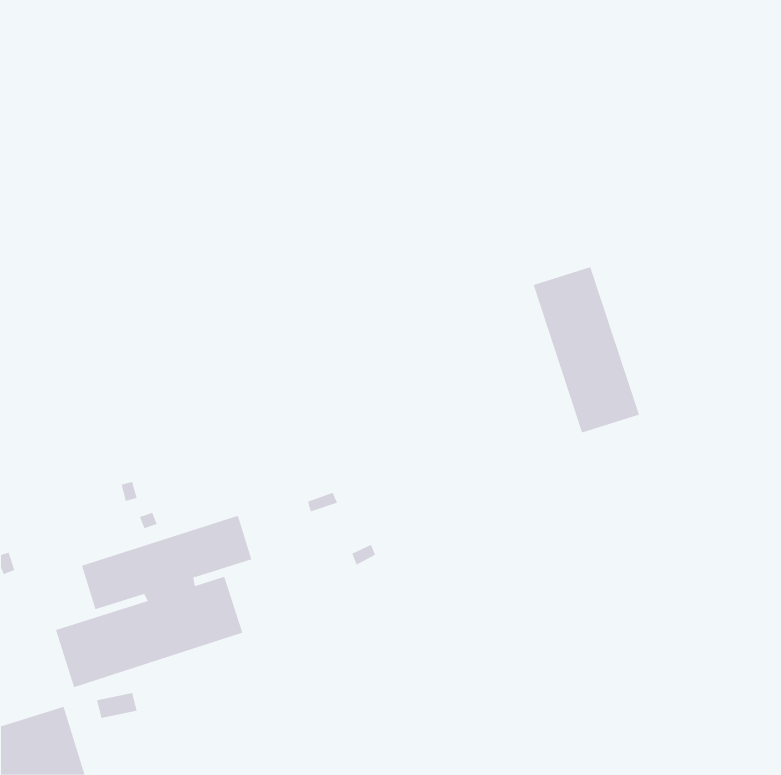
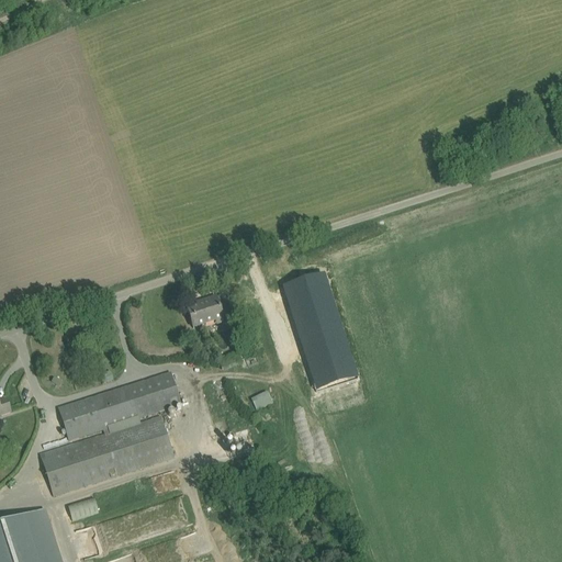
building: [533,267,640,433] -> [281,271,358,391]
building: none -> [188,293,233,325]

